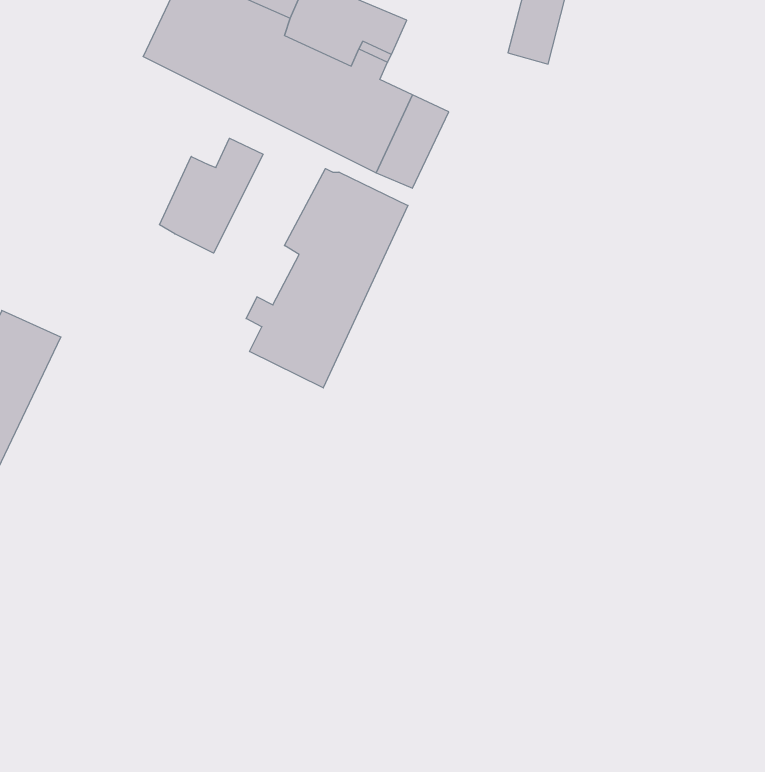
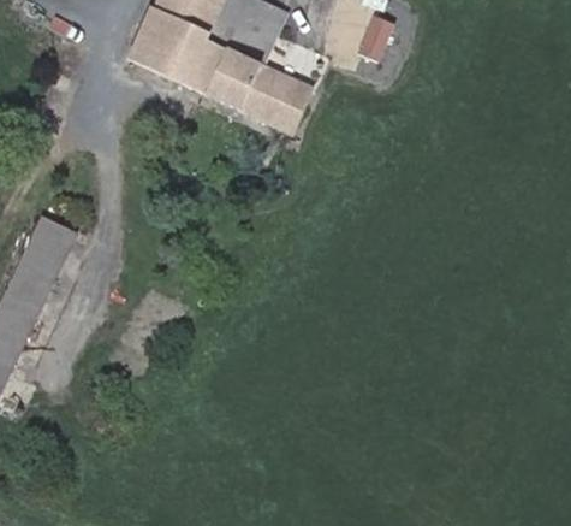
building: [159,138,263,253] -> none
building: [246,169,408,388] -> none

